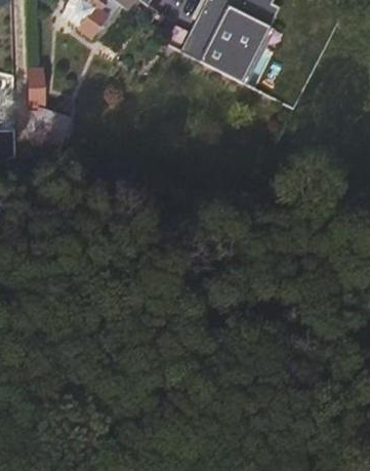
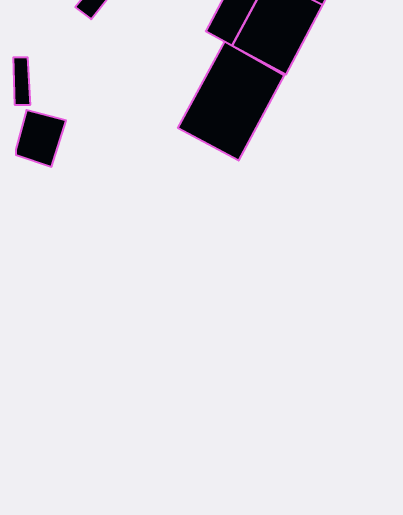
building: none -> [178,42,284,161]

